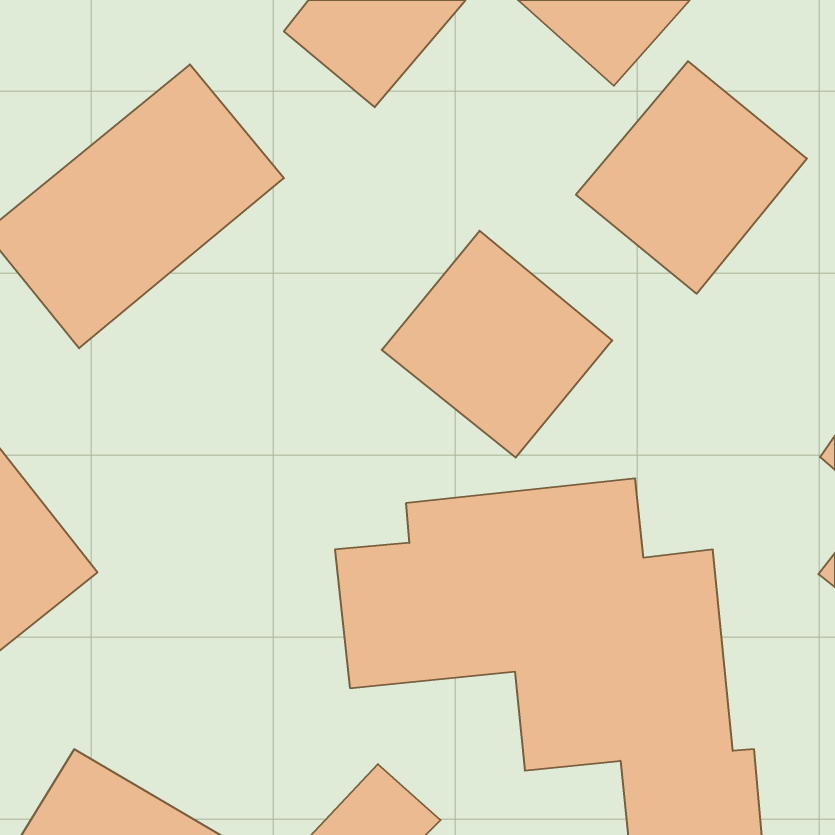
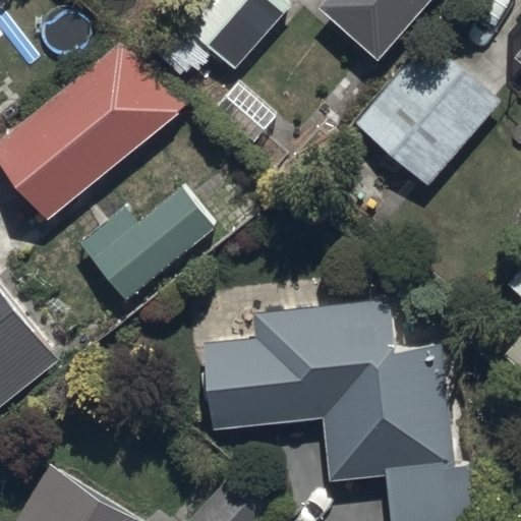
building: [382,231,612,458] -> none
building: none -> [78,185,214,301]

